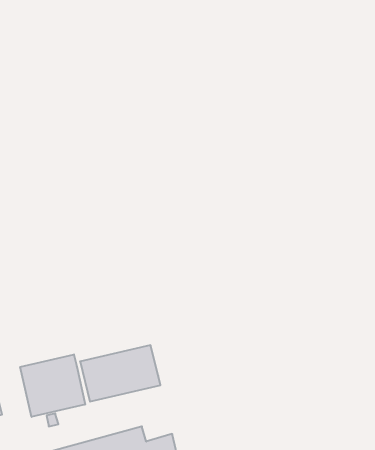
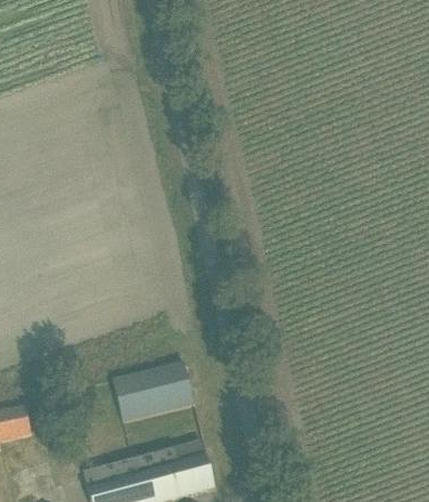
building: [20,354,85,417] -> none

